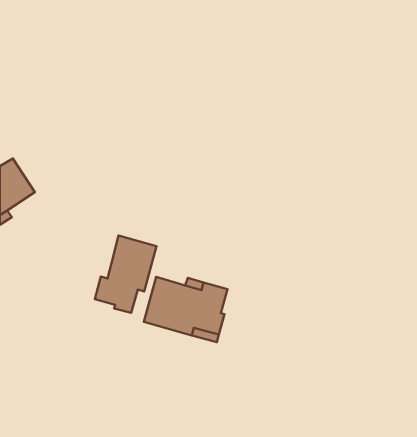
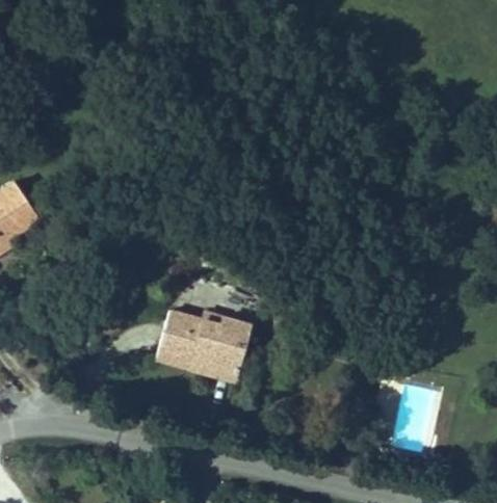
building: [95,236,157,313] -> none

